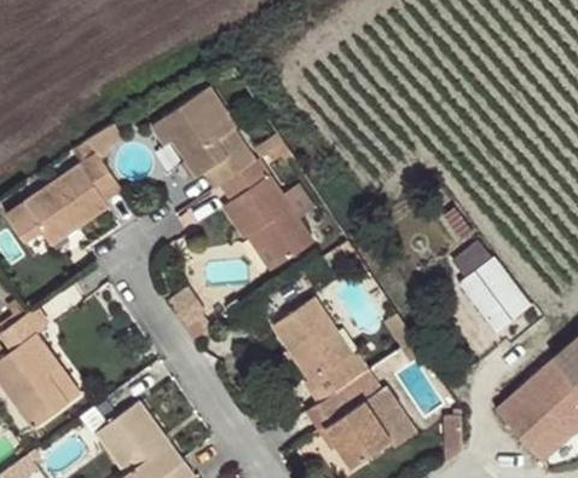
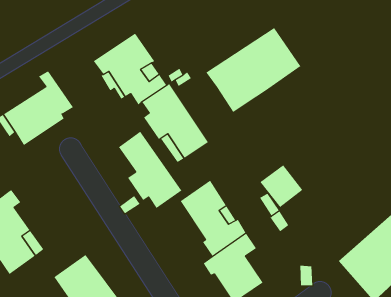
building: none -> [206,27,301,113]
building: none -> [118,131,182,209]
building: [458,259,520,321] -> [259,164,303,208]
building: [366,390,412,442] -> none

